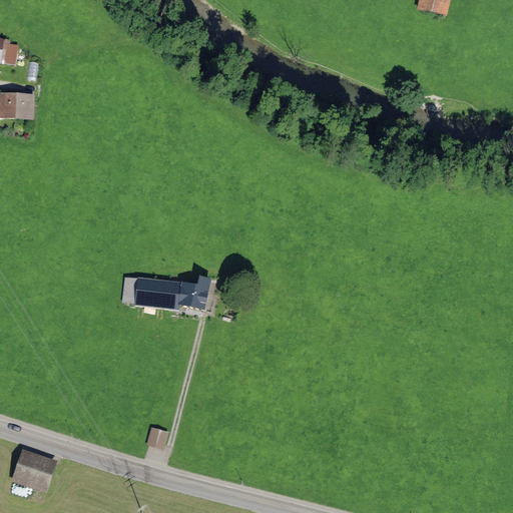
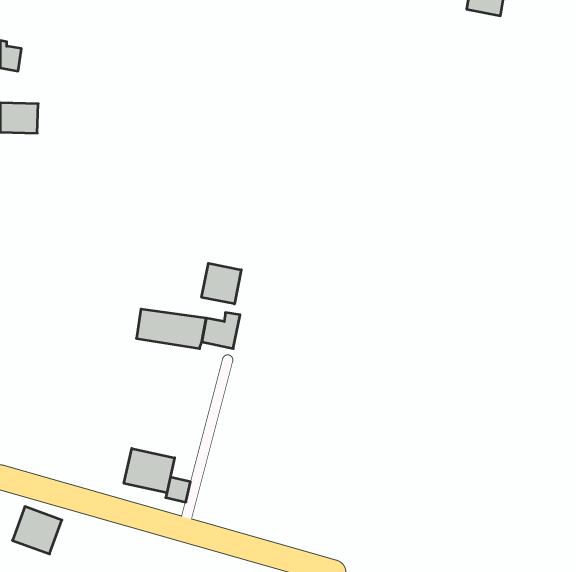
building: none -> [202,263,241,304]
building: none -> [124,448,175,493]

